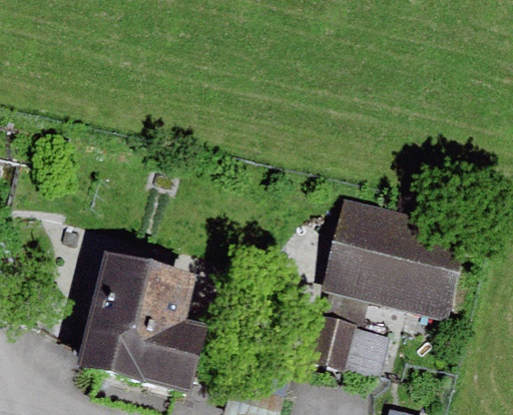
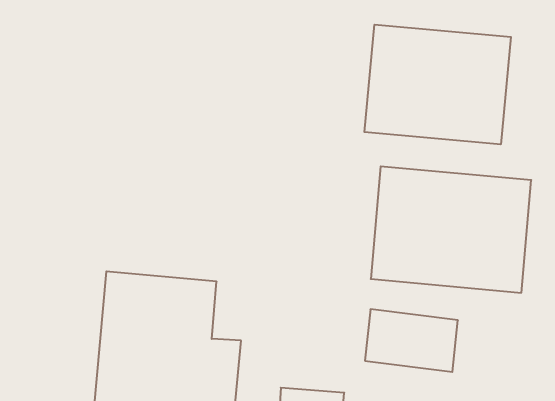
building: none -> [364,25,511,144]

